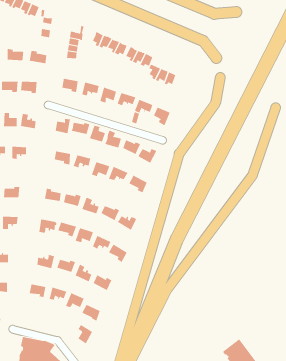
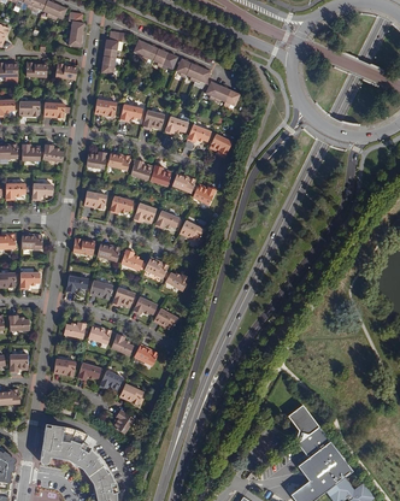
building: none -> [288,405,319,443]

